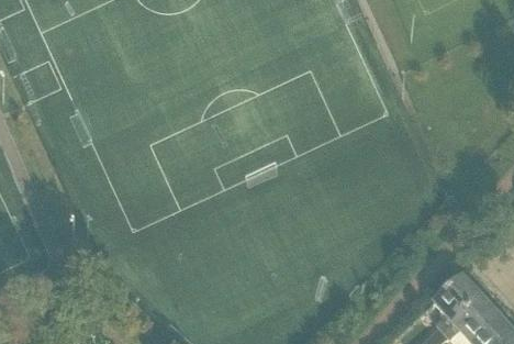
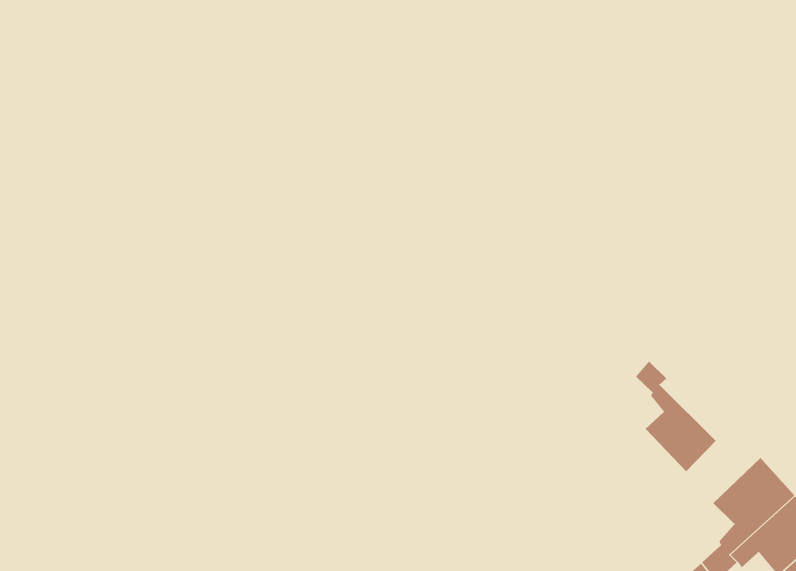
building: none -> [635,361,717,472]

